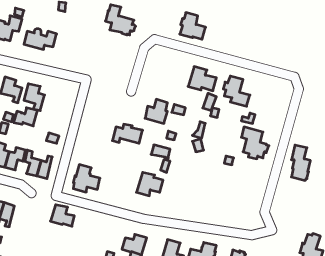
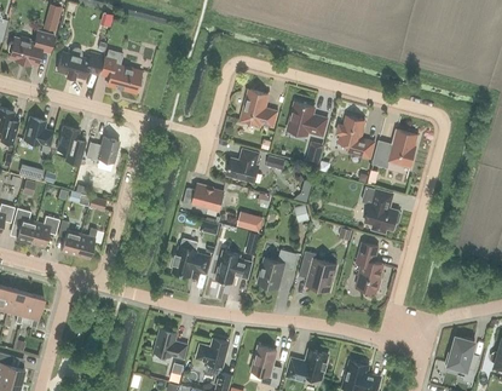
building: [105,5,136,35] -> [100,50,143,92]
building: [180,13,206,39] -> [241,90,277,127]
building: none -> [371,130,417,167]
building: [14,108,38,126] -> [85,137,119,162]
building: [291,145,310,180] -> [356,242,382,292]
building: [73,165,100,192] -> [172,237,209,276]
building: none -> [256,248,296,288]
building: none -> [298,251,336,291]
building: [50,205,74,226] -> [152,328,186,358]

